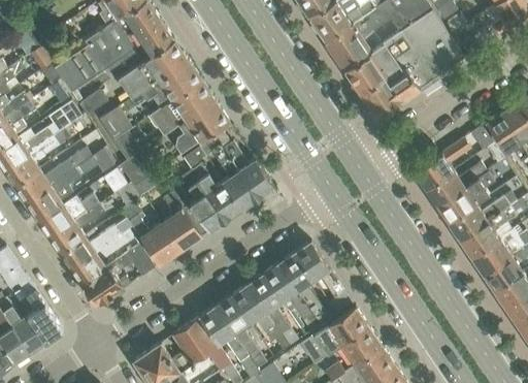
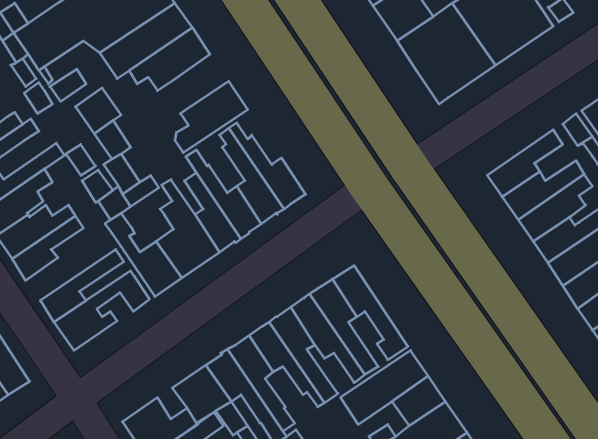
building: [158,81,216,135] -> none
building: [60,218,133,269] -> none

